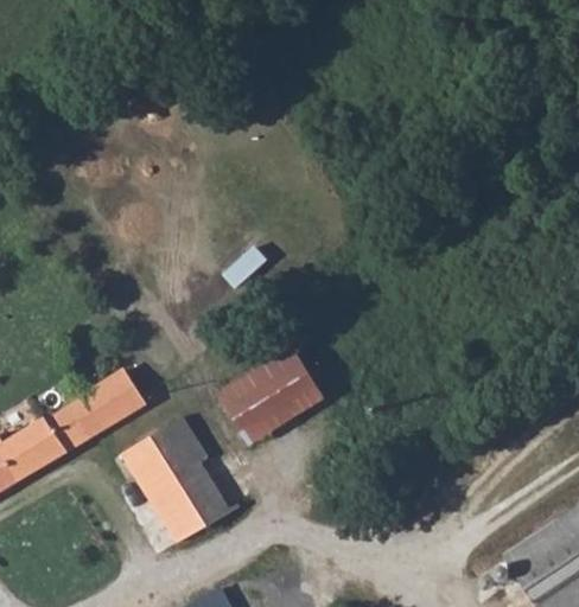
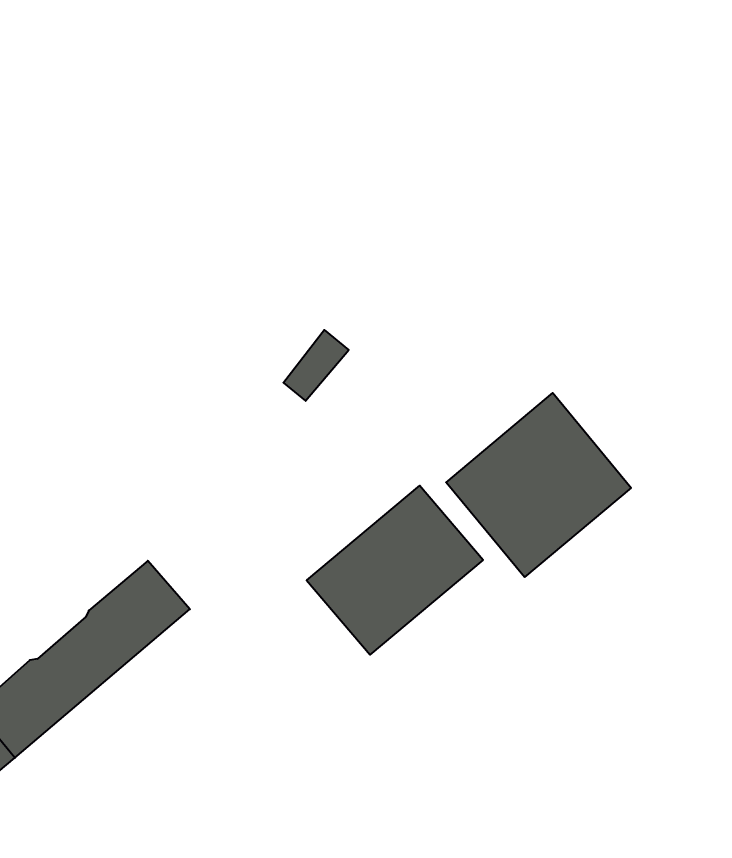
building: none -> [446,393,631,577]
building: [121,417,228,541] -> none

